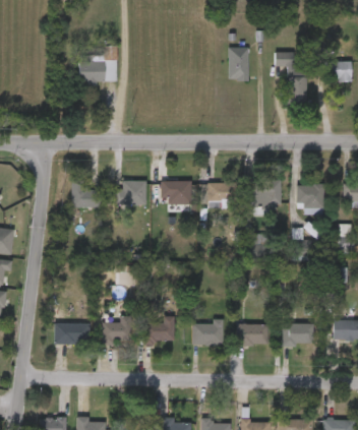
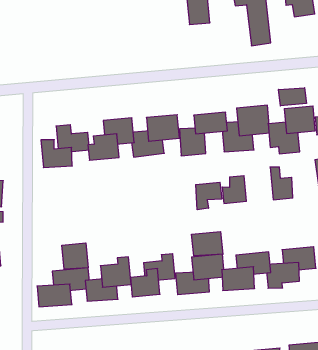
building: [77,55,115,85] -> none
building: none -> [279,88,306,106]
building: none -> [196,182,222,210]
building: none -> [62,243,88,269]
building: none -> [192,232,223,256]

